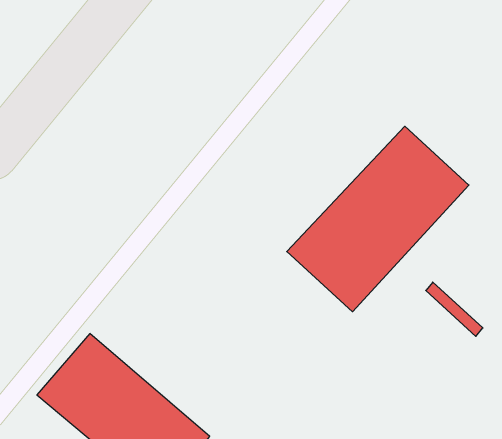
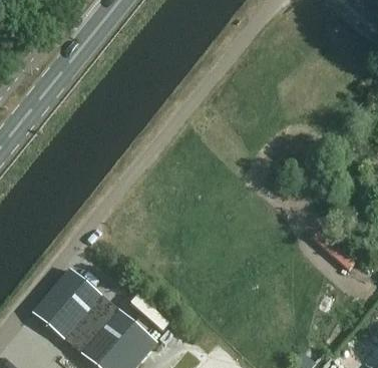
building: [287,126,469,312] -> none

